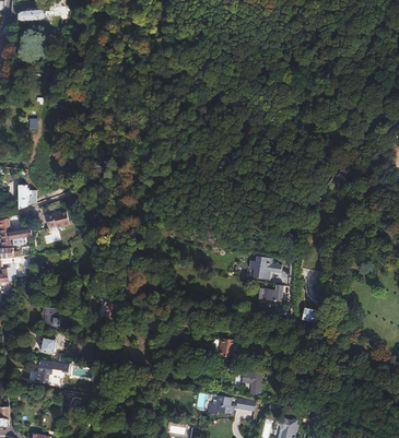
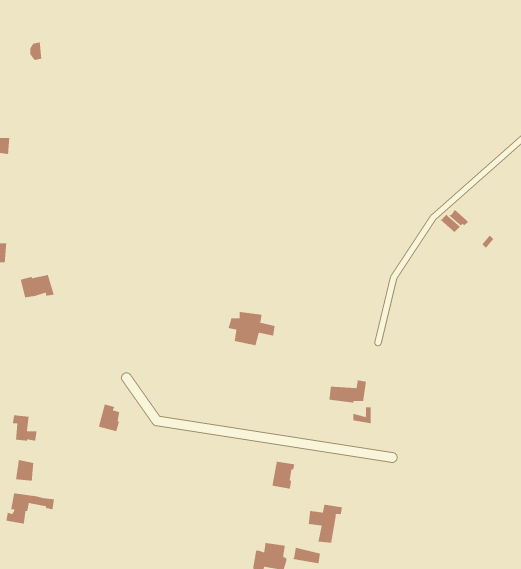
building: [248,256,281,280] -> [228,311,275,346]

